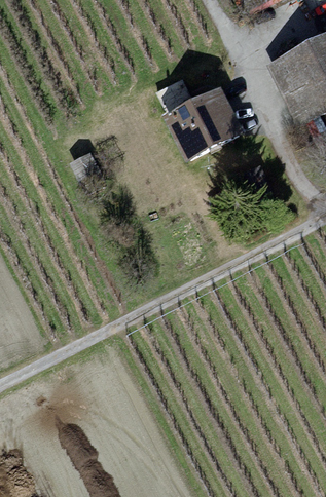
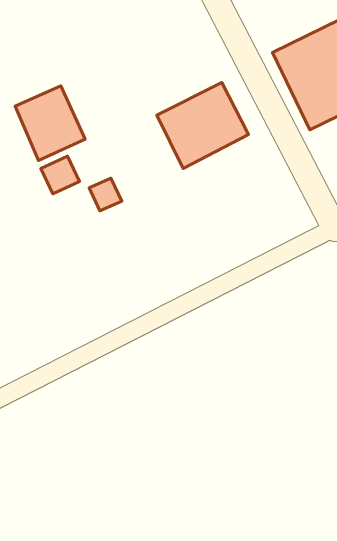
building: none -> [15,86,85,160]

